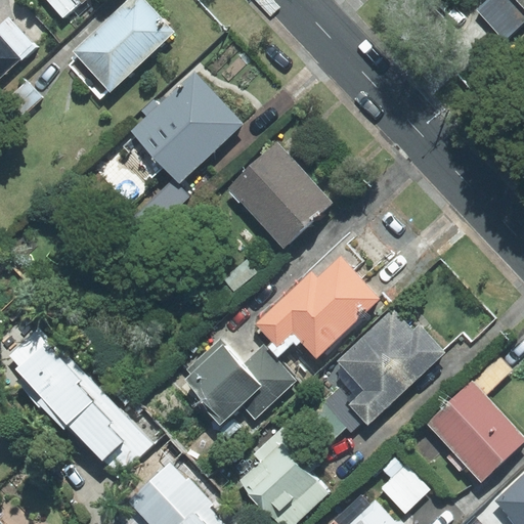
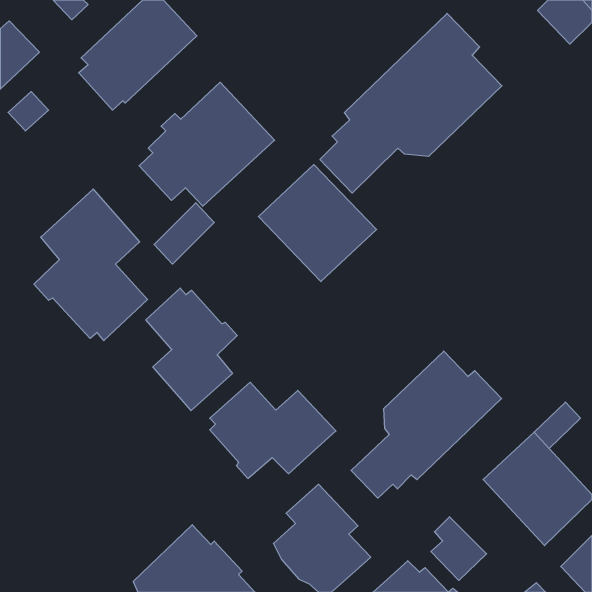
building: none -> [320,13,502,193]
building: none -> [34,189,148,341]
building: none -> [146,288,237,411]
building: [256,257,380,358] -> none
building: [9,328,151,476] -> none

